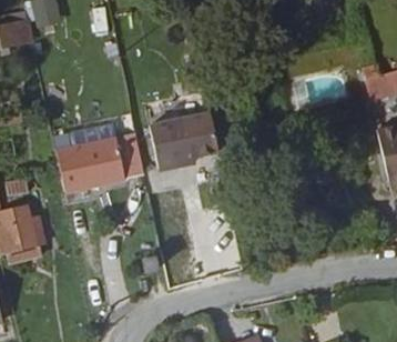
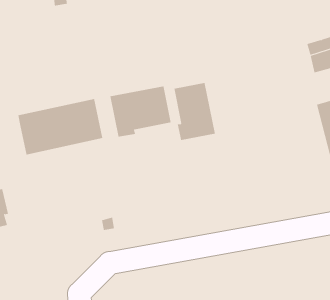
building: none -> [174,82,216,141]

